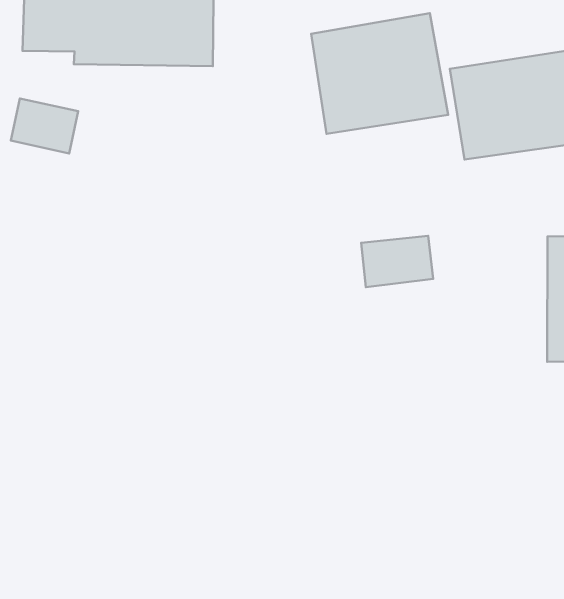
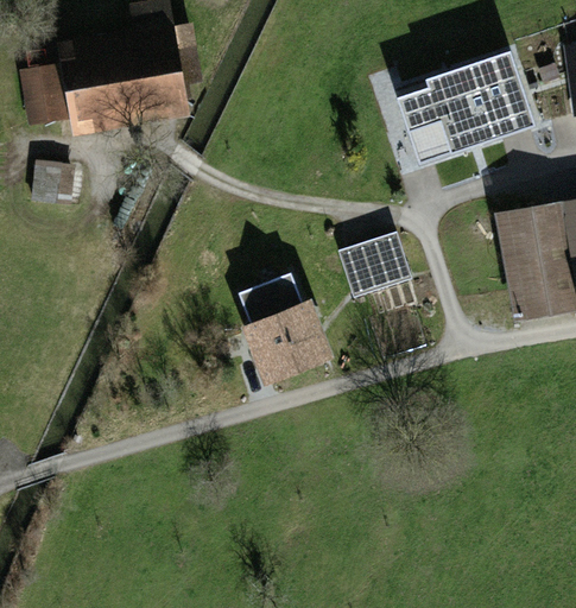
building: [311,13,448,134] -> none
building: none -> [236,267,325,369]

